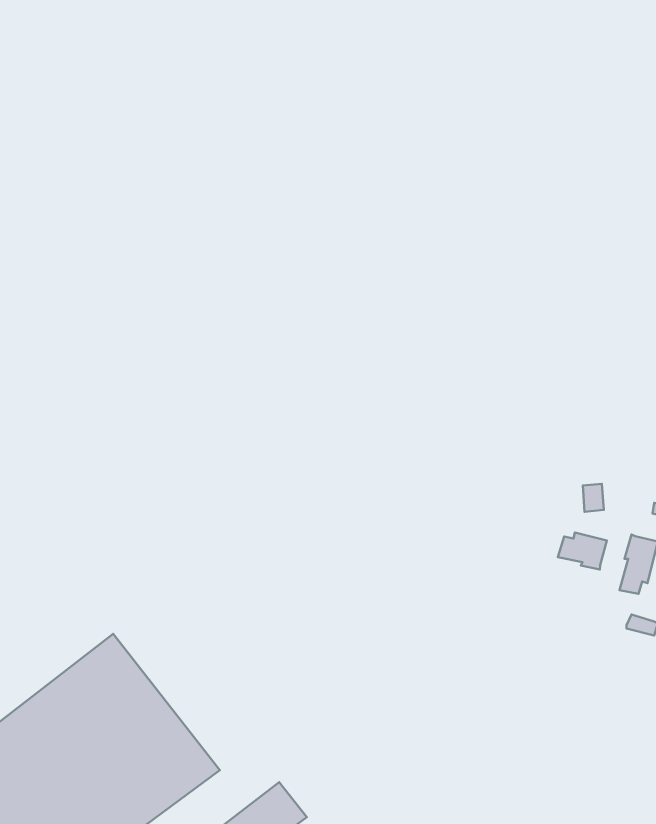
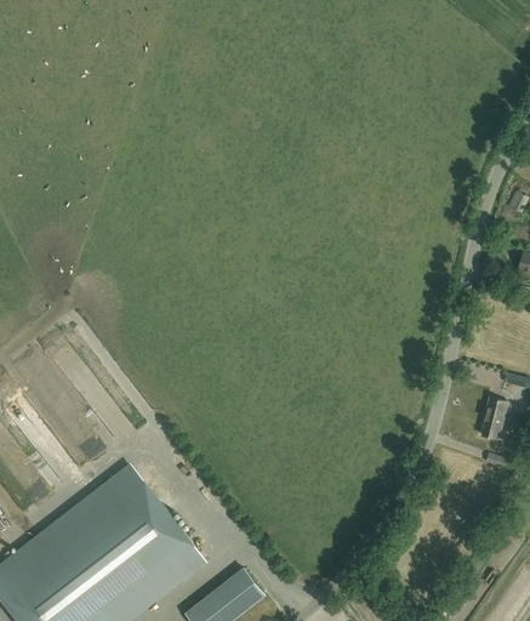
building: [558,533,607,569] -> none

